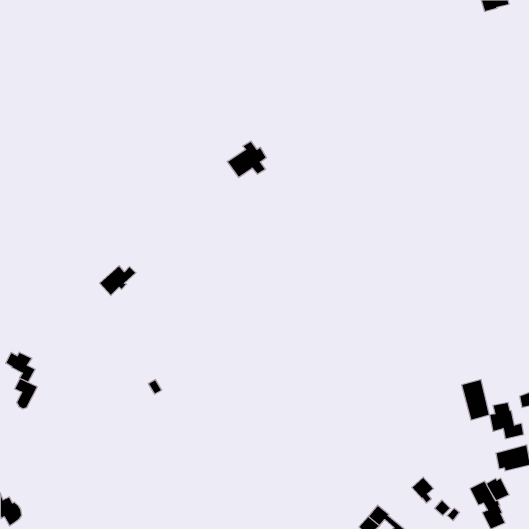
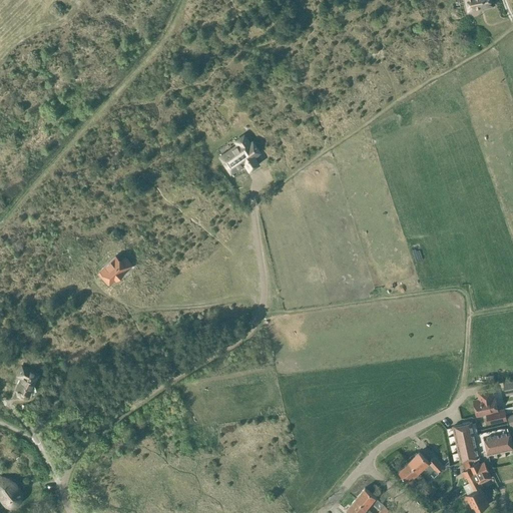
building: [6,352,35,382] -> none
building: [462,380,490,420] -> [453,424,480,463]
building: none -> [410,453,445,474]

